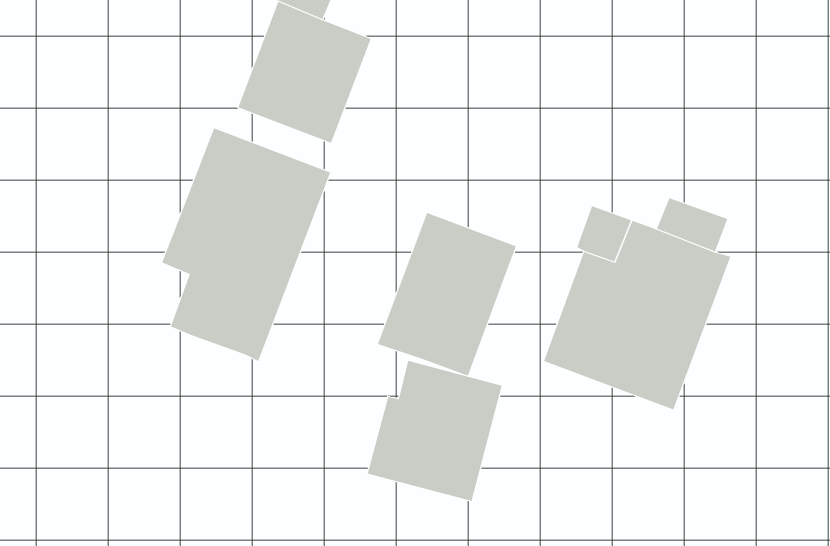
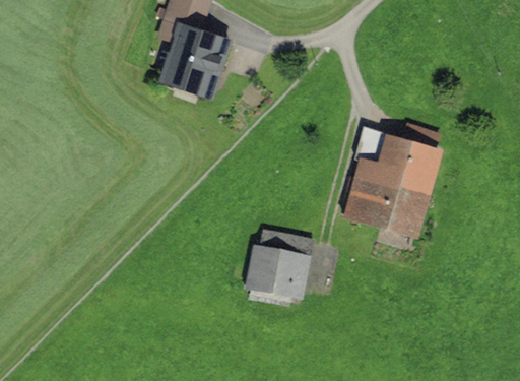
building: [162,128,331,362] -> none
building: [377,212,517,376] -> none

